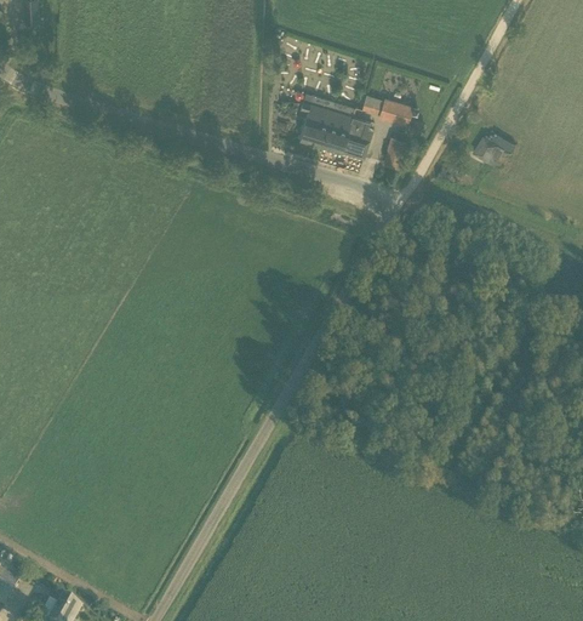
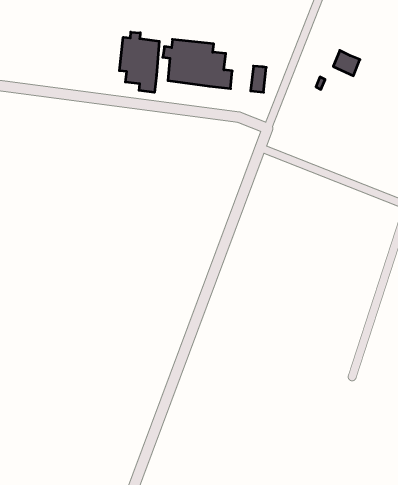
building: none -> [119,32,159,92]
building: [359,95,410,126] -> none

